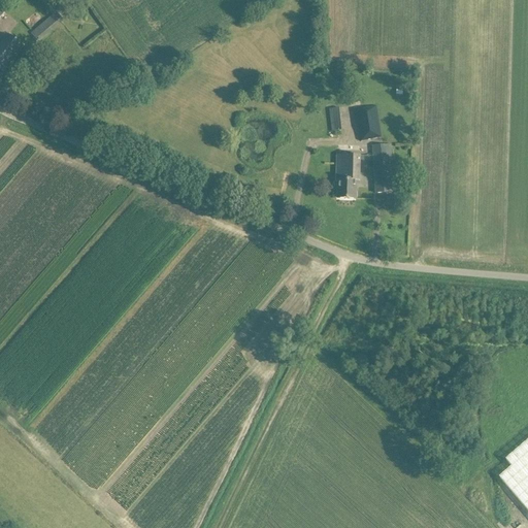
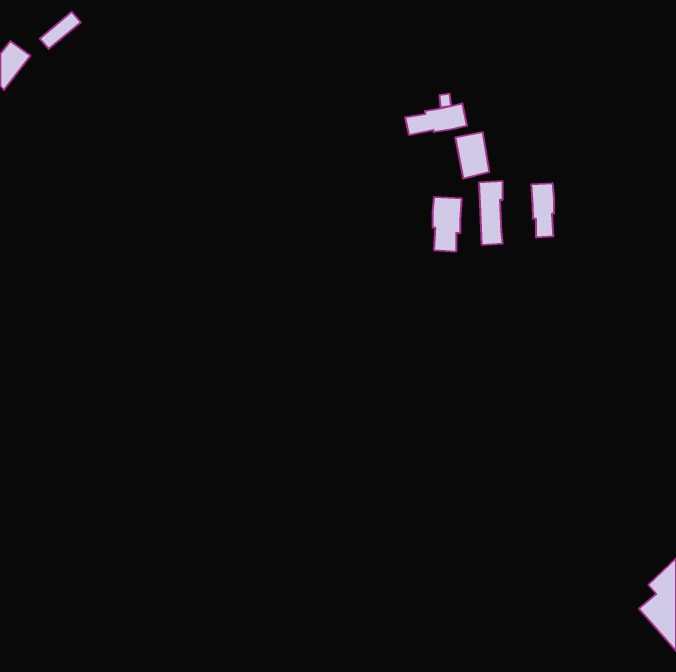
building: none -> [405,103,467,135]
building: none -> [532,183,554,238]

